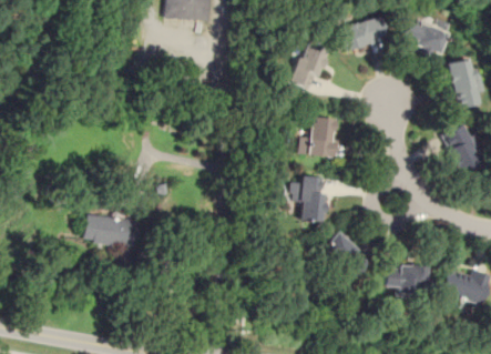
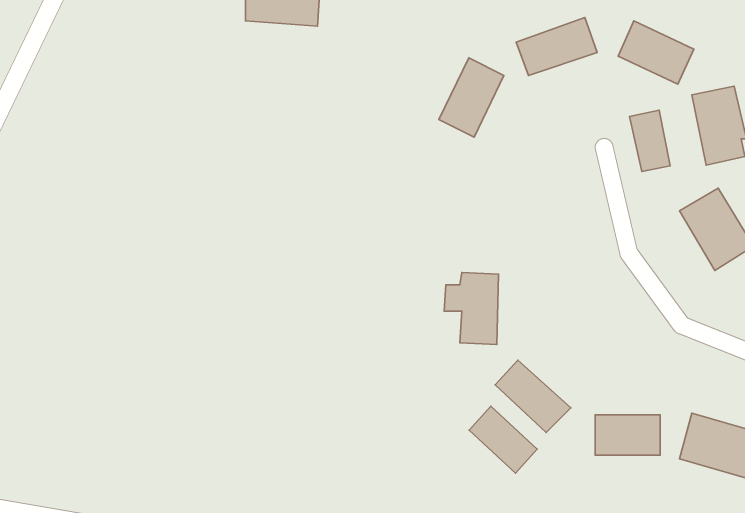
building: none -> [629,110,670,171]
building: [300,117,338,155] -> none
building: [85,215,137,244] -> none
building: none -> [469,406,537,473]

